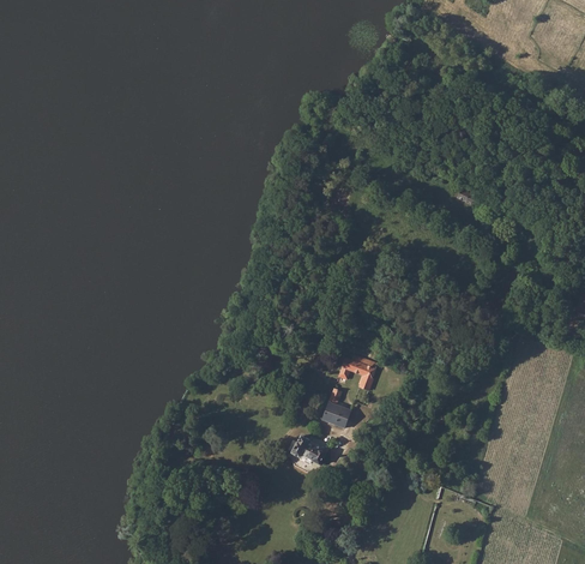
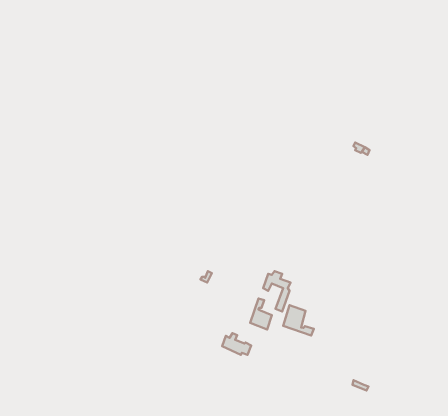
building: none -> [283,305,314,336]

